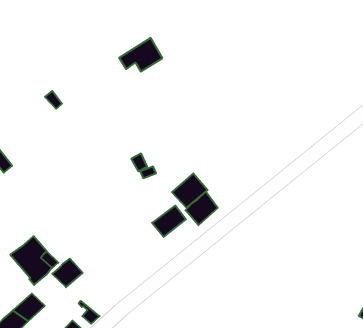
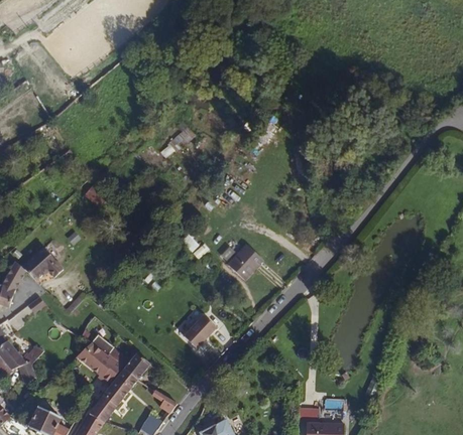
building: [185,192,218,225] -> none
building: [152,206,186,237] -> [183,314,216,347]
building: none -> [104,370,137,403]

